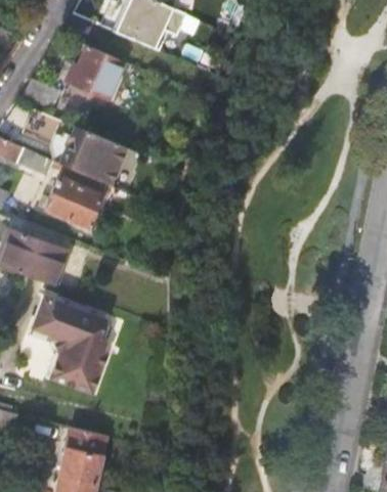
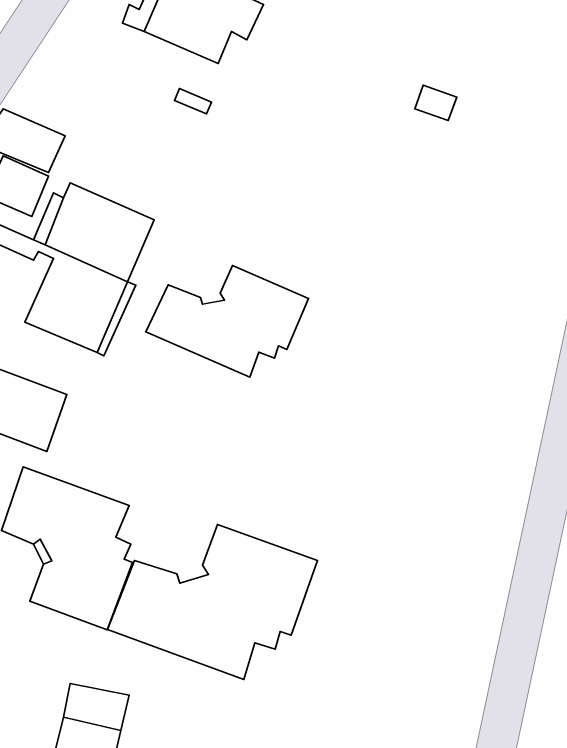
building: [71,46,124,99] -> none
building: none -> [146,265,308,377]
building: none -> [107,525,317,679]

